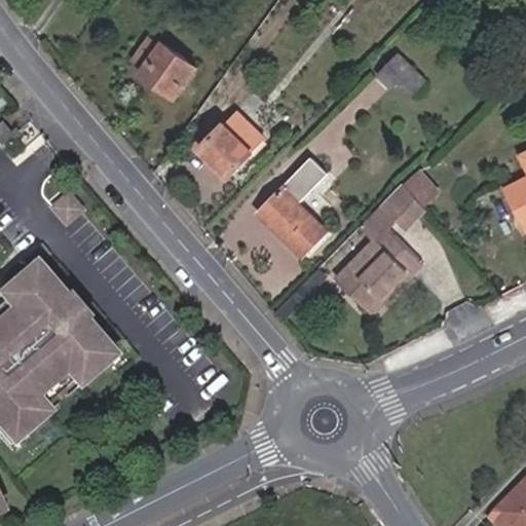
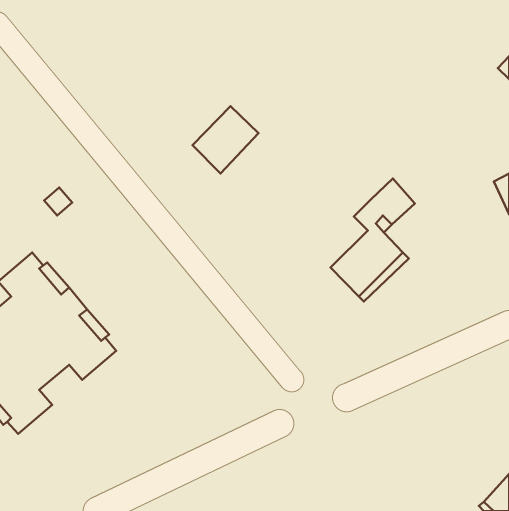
building: [130,36,196,96] -> none
building: [377,53,423,93] -> none
building: [257,158,327,255] -> none

